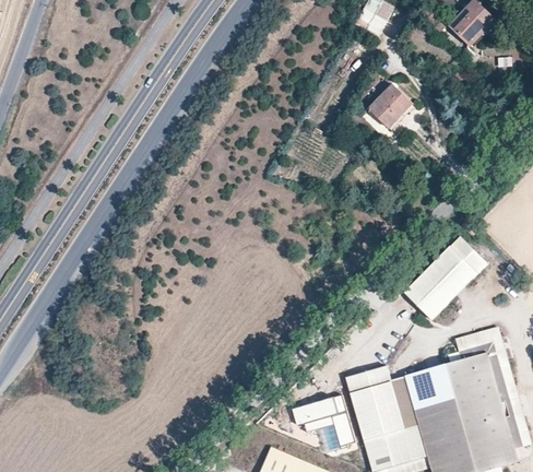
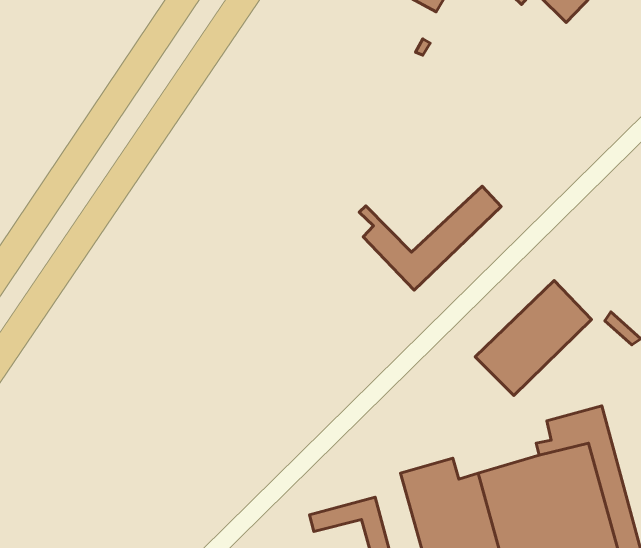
building: [368,85,411,129] -> none
building: none -> [359,186,501,290]

